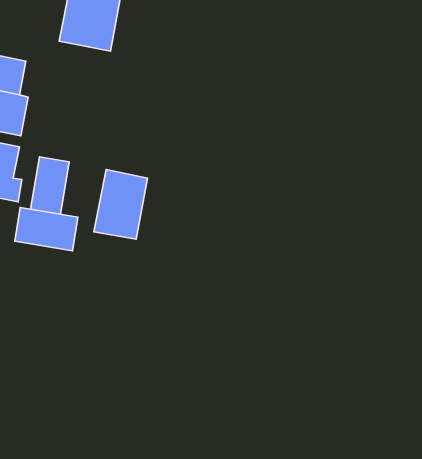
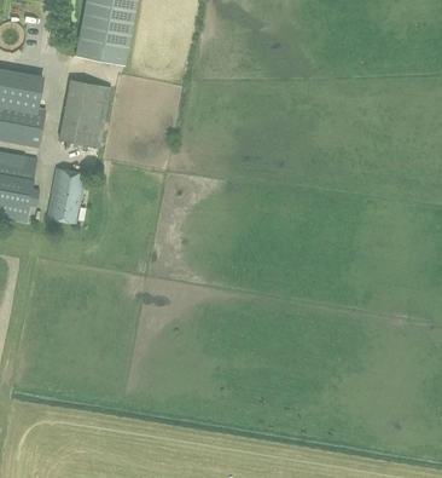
building: [94,169,147,239] -> [58,79,110,146]
building: [15,207,78,251] -> none

